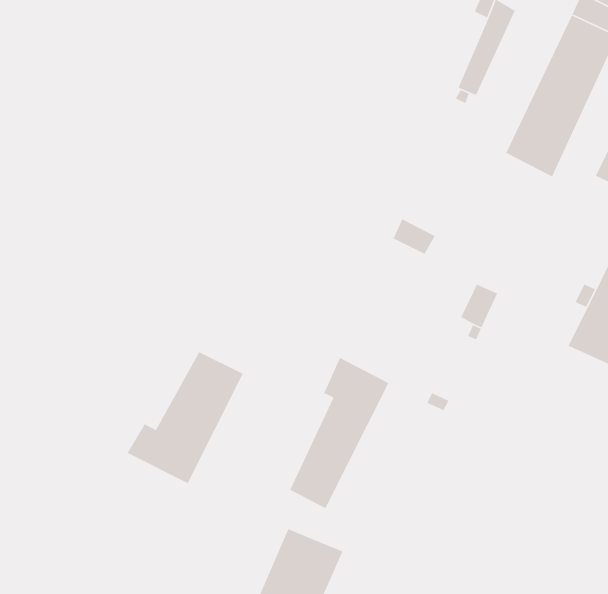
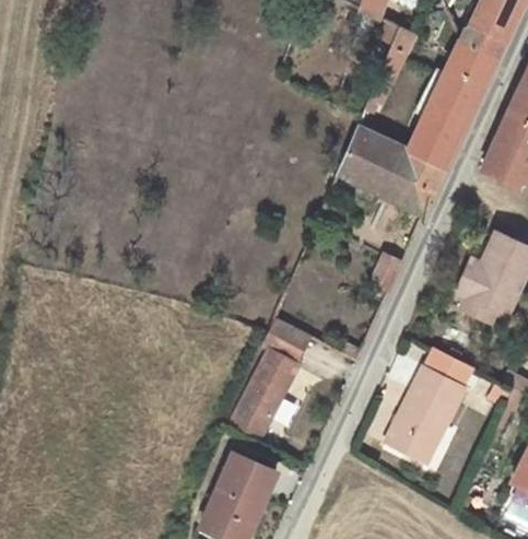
building: none -> [338,126,446,216]
building: [127,351,244,484] -> none
building: none -> [386,347,473,461]

